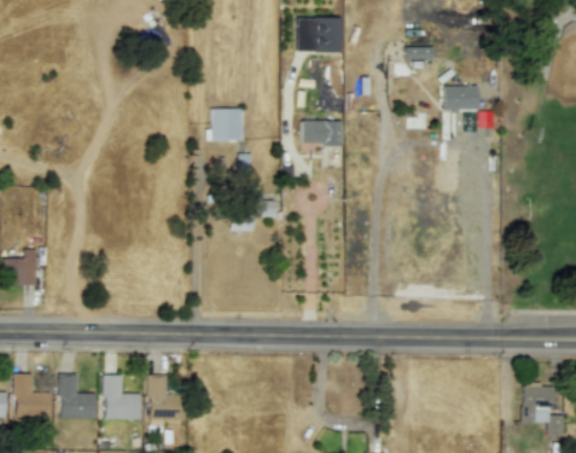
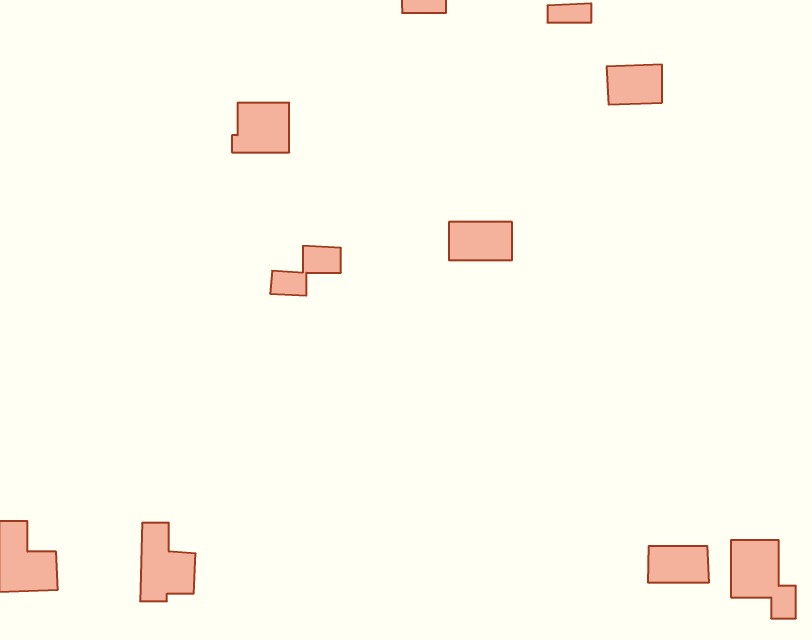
building: [302,120,342,144] -> [449,222,512,260]
building: [104,374,141,419] -> none
building: none -> [648,546,709,583]

